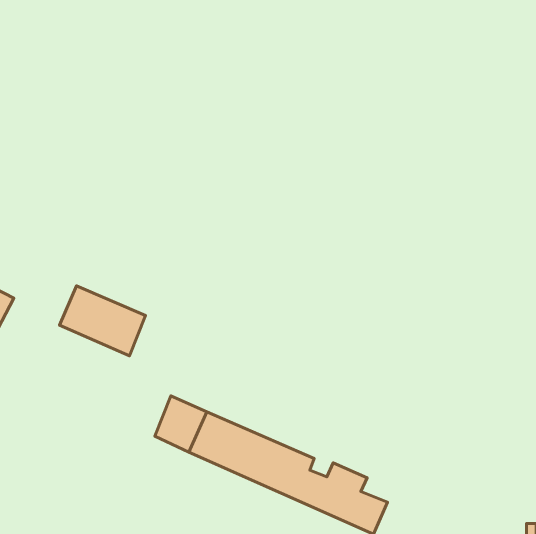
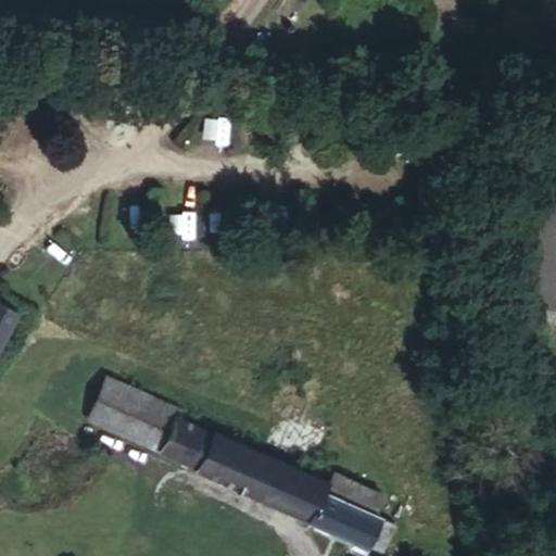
building: [60,286,146,356] -> [87,383,175,455]

